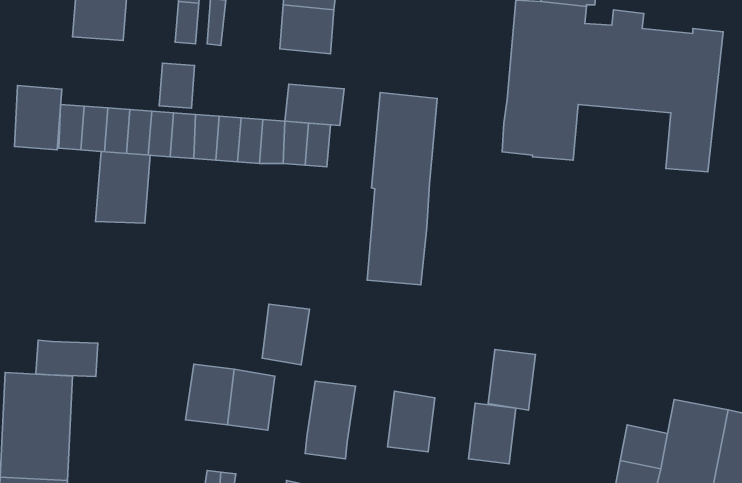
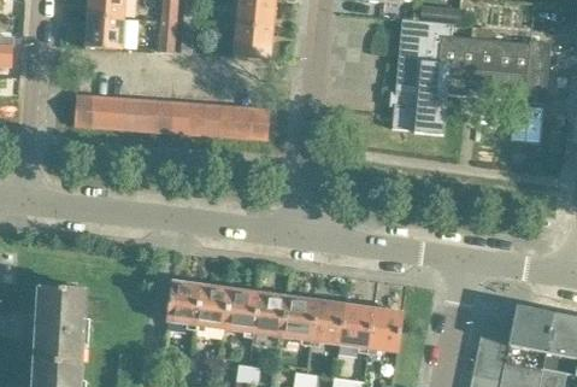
building: [159,63,195,108] -> none
building: [285,84,344,125] -> none
building: [15,86,62,150] -> none
building: [367,93,437,285] -> none
building: [96,151,150,223] -> none
building: [262,304,309,365] -> [225,288,259,332]
building: [36,340,98,377] -> none
building: [488,349,535,410] -> [340,304,373,347]
building: none -> [282,295,316,339]

